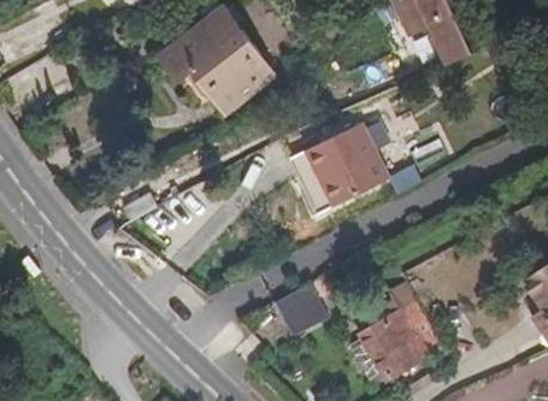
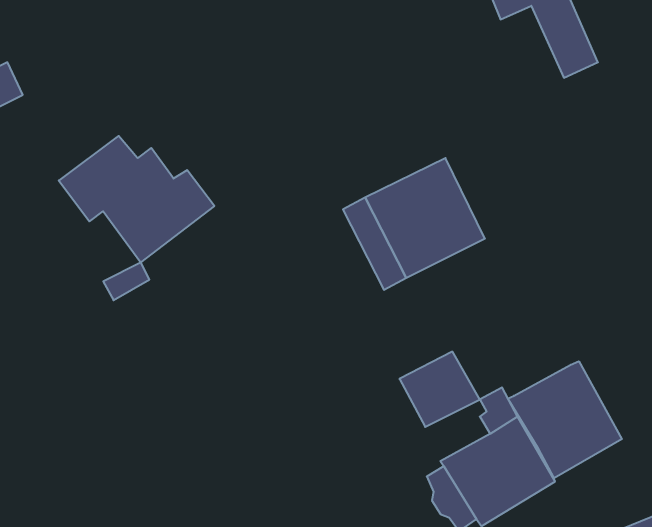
building: [164,20,273,110] -> [59,136,214,263]
building: none -> [508,361,622,478]
building: [273,281,330,334] -> [399,352,480,427]

